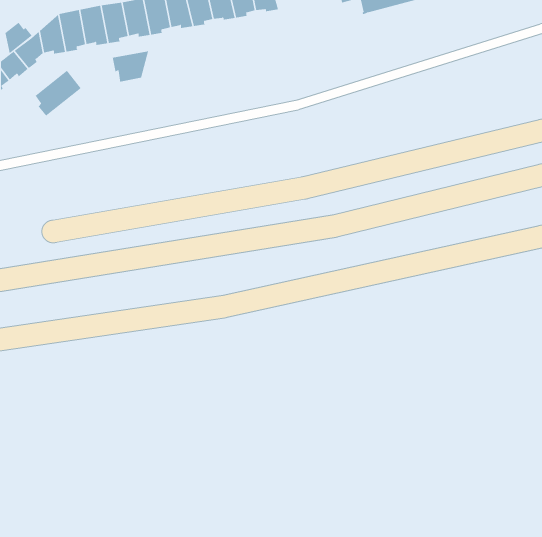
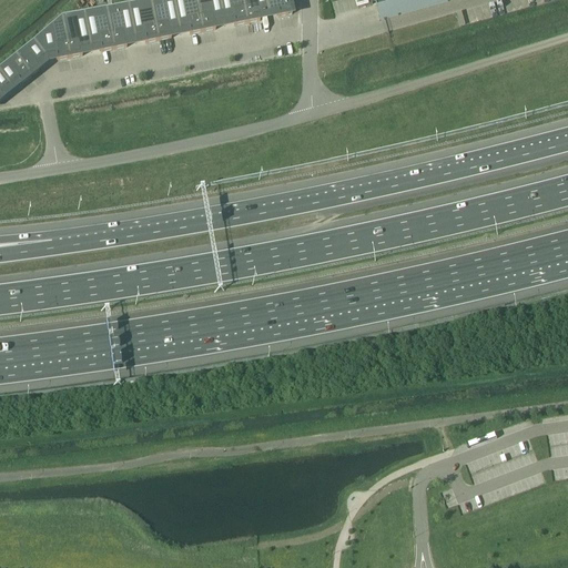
building: [5,22,33,54] -> none
building: [112,50,149,82] -> none
building: [35,70,82,117] -> none

